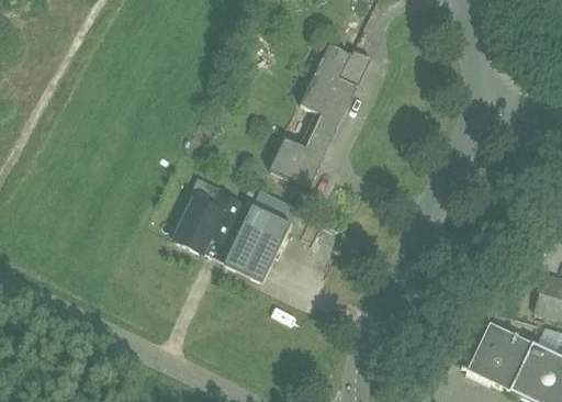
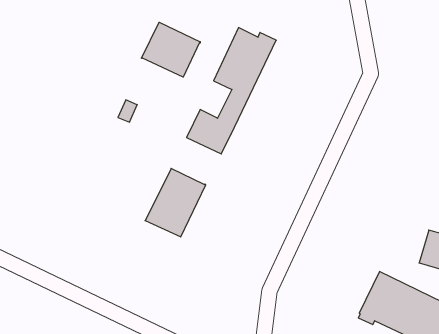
building: none -> [141,22,200,77]
building: [172,192,241,253] -> none

